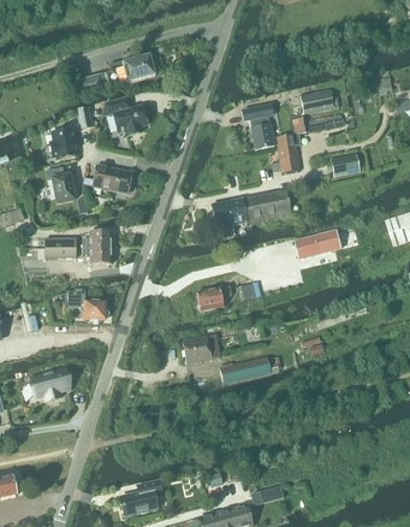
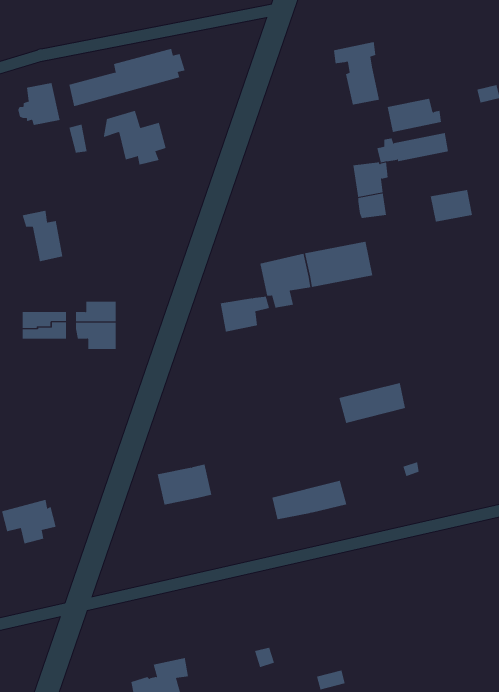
building: [243,105,275,149] -> [333,41,380,105]
building: [47,129,77,159] -> [18,82,61,125]
building: [83,165,132,194] -> none
building: [295,230,341,259] -> [339,382,406,424]
building: [197,286,232,312] -> [220,296,270,332]
building: [67,289,111,319] -> none
building: [183,334,221,363] -> [157,464,212,505]

